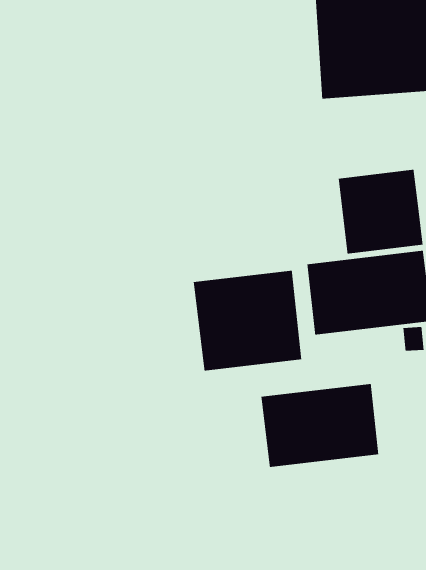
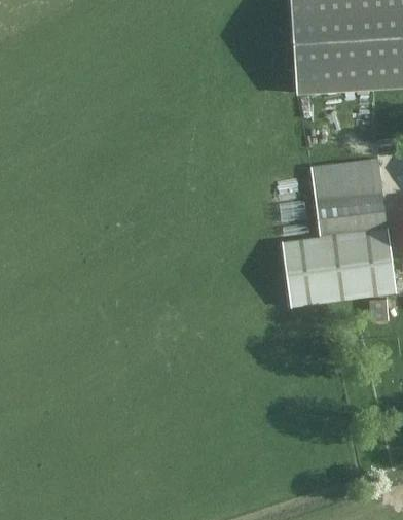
building: [193,270,302,371] -> none
building: [260,383,379,468] -> none

